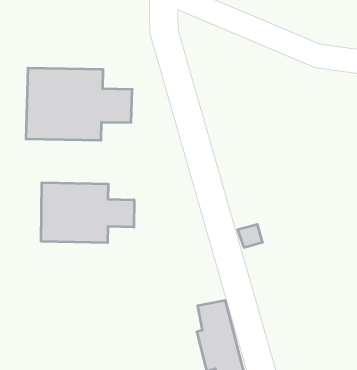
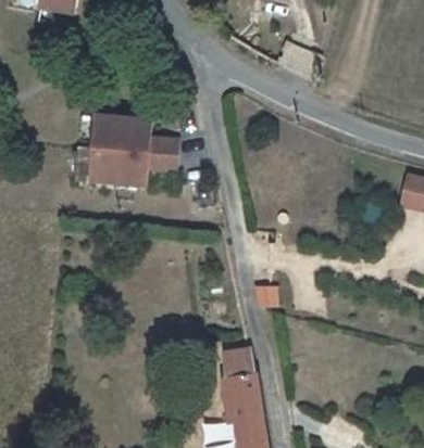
building: [41,183,134,243] -> none

